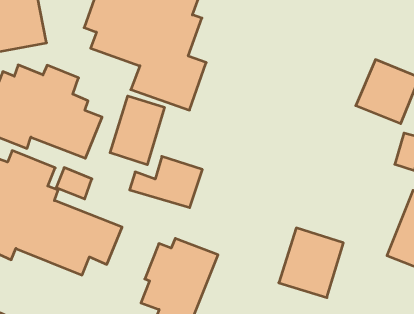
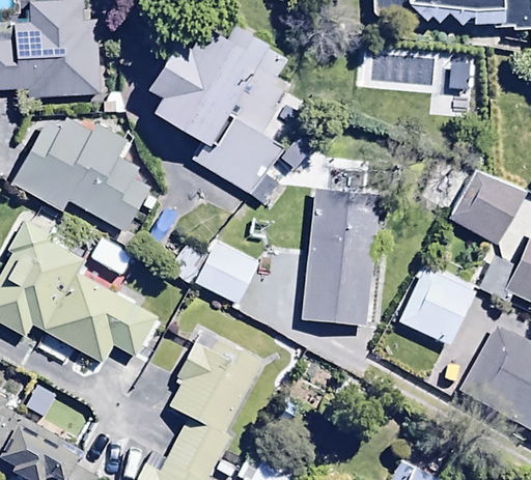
building: none -> [302,172,382,328]
building: [110,96,164,165] -> none
building: [279,228,343,298] -> [397,263,478,348]

